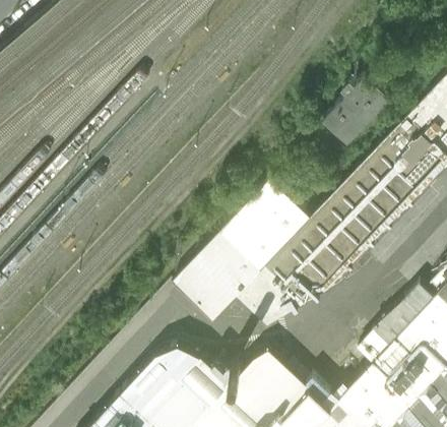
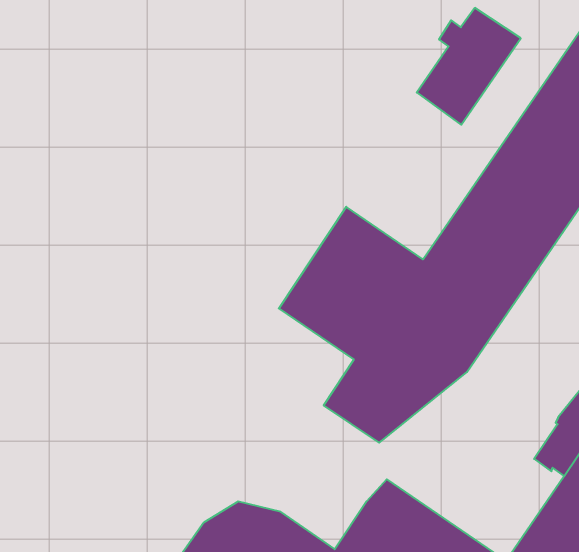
building: [173,237,260,326] -> none

